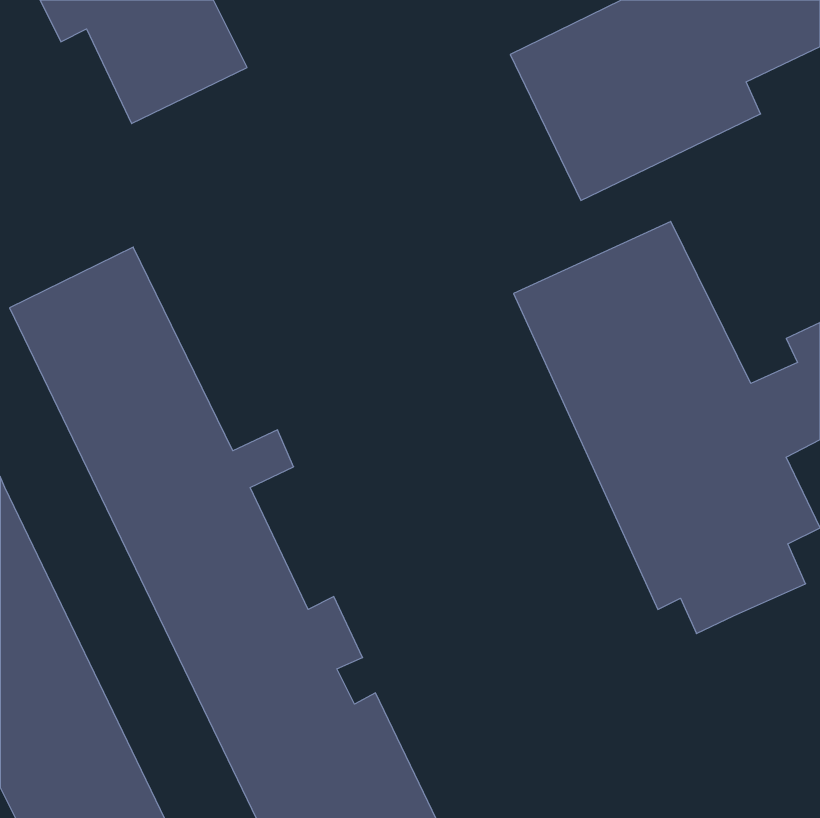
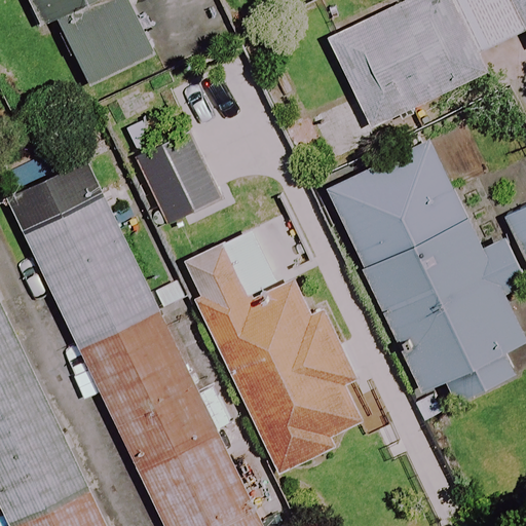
building: none -> [136,134,219,224]
building: none -> [188,230,365,474]

